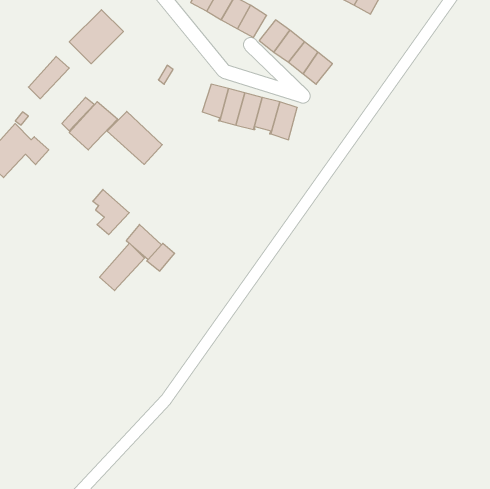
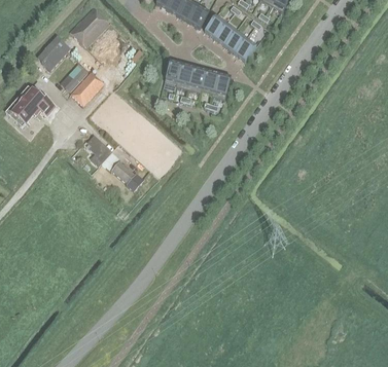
building: [107,111,162,164] -> none
building: [100,243,144,291] -> none

